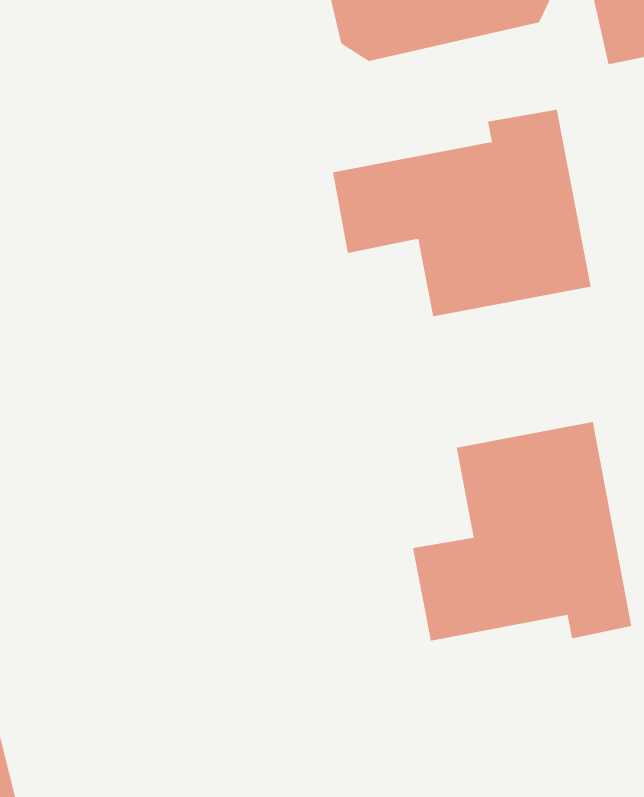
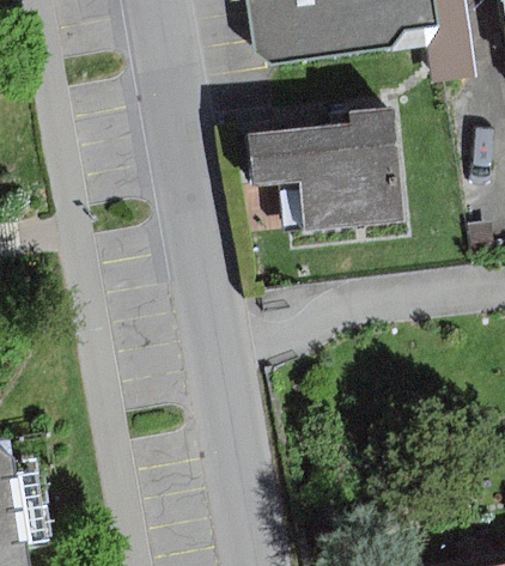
building: [412,421,632,642] -> none

